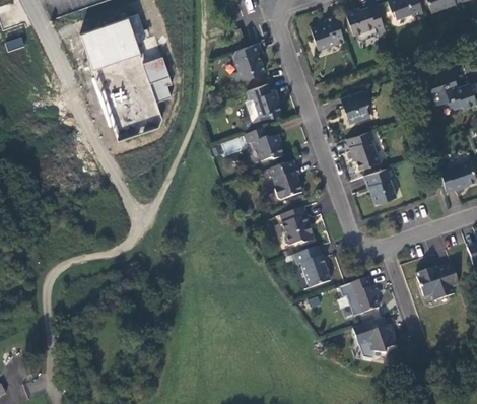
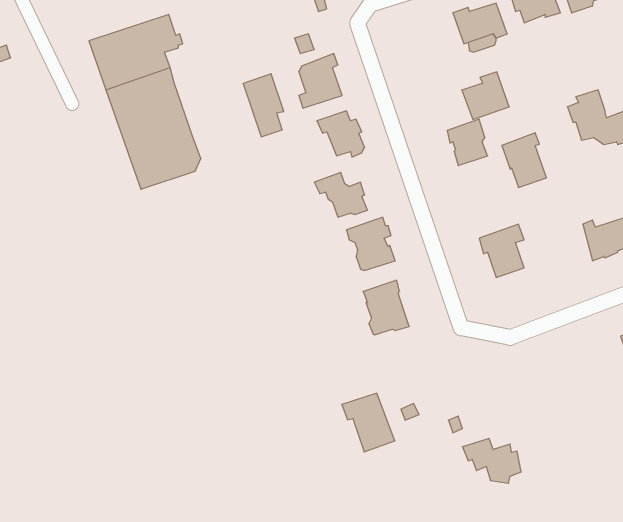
building: [311,15,345,50] -> [462,72,509,119]
building: [143,56,173,102] -> [243,74,284,137]
building: [347,130,380,170] -> [502,133,546,188]
building: [292,246,331,288] -> [342,393,395,452]
building: [416,264,458,299] -> none
building: [348,276,380,314] -> none

